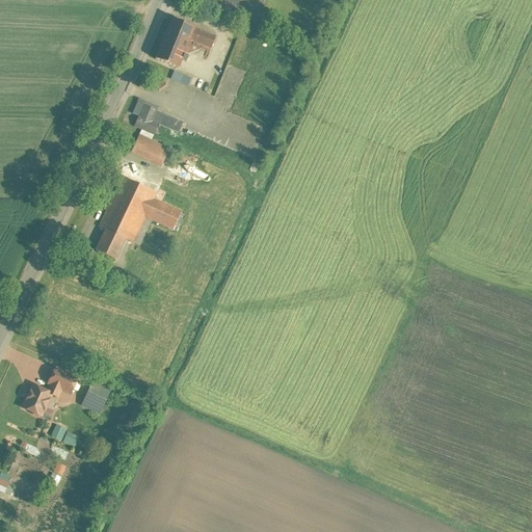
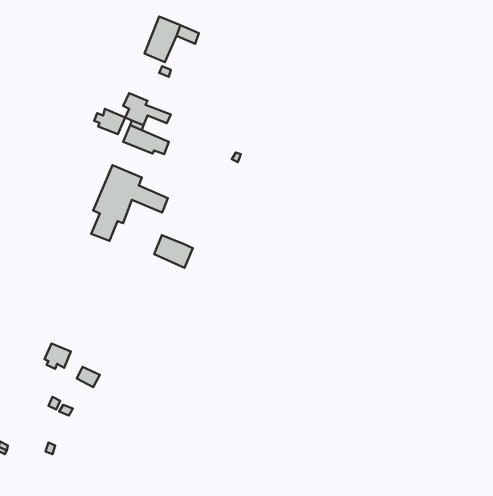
building: none -> [94,109,125,134]
building: none -> [154,235,193,268]
building: [22,383,52,415] -> none

